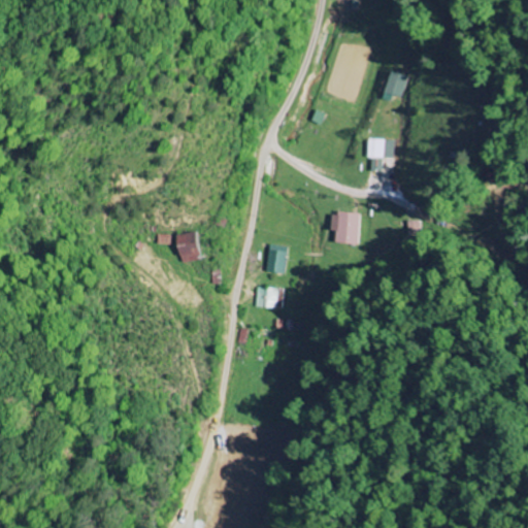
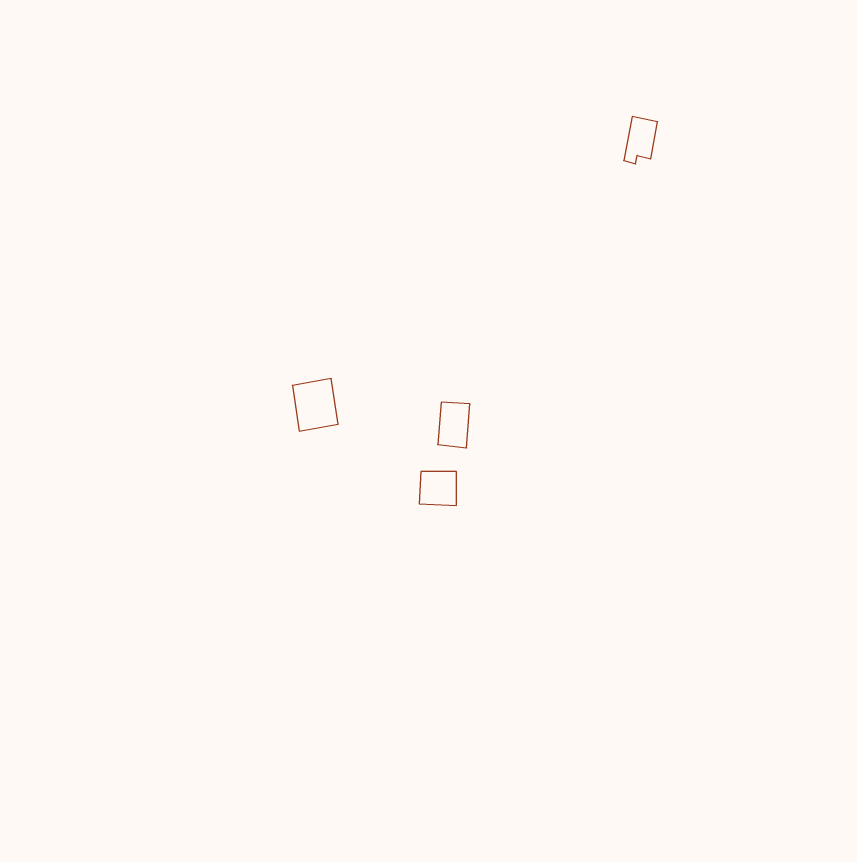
building: [368,139,393,159] -> none
building: [331,211,358,245] -> none

